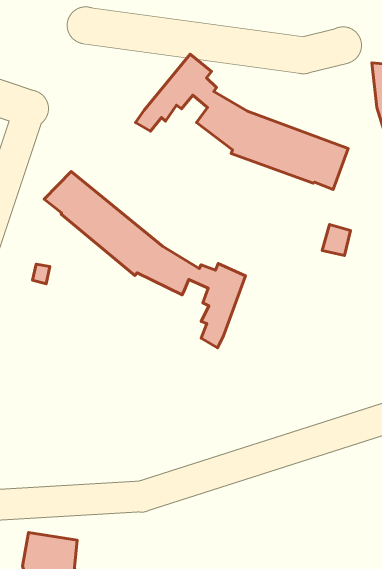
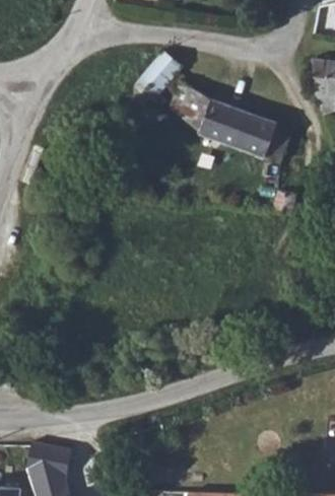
building: [44,171,246,348] -> none

